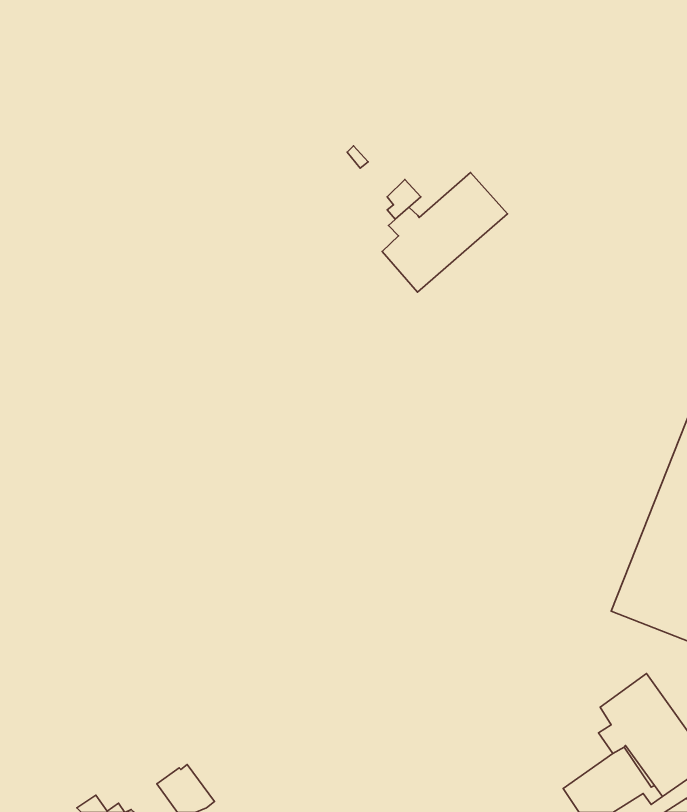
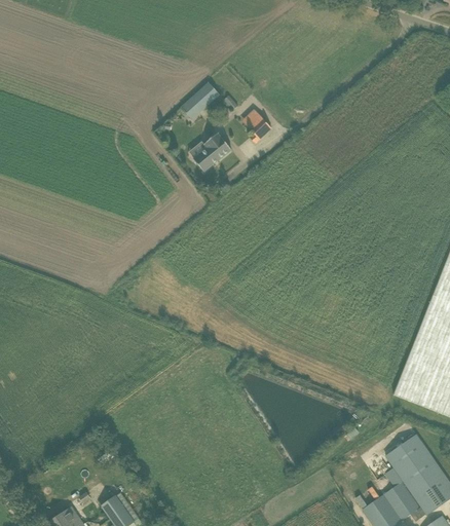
building: none -> [181,82,220,119]
building: [382,172,508,292] -> none
building: none -> [193,133,231,172]

